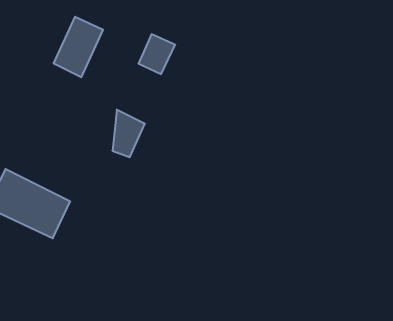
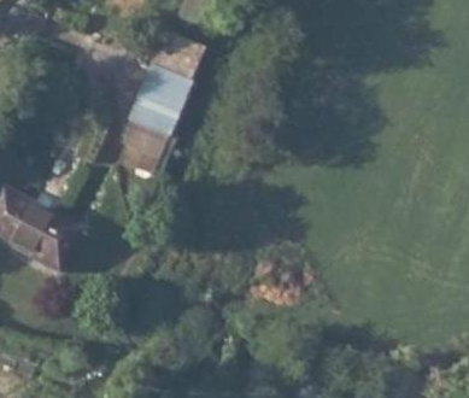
building: [53,17,103,77] -> [131,72,187,140]

